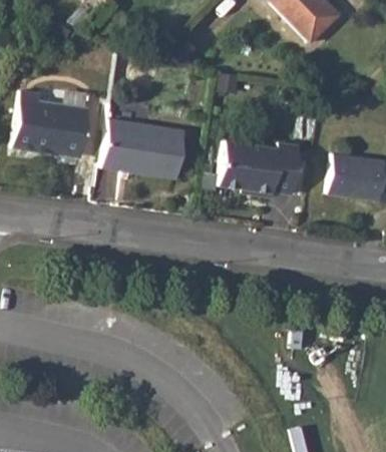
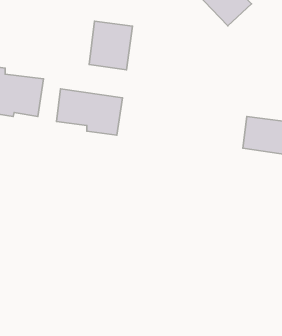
building: none -> [89,21,133,70]
building: [220,139,301,196] -> none

